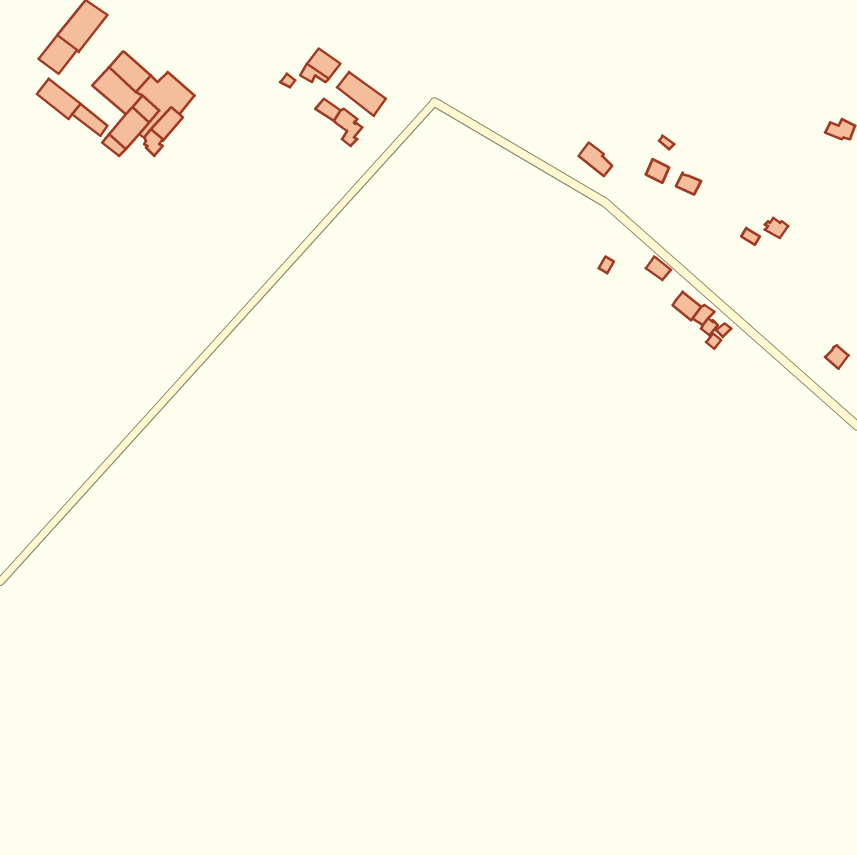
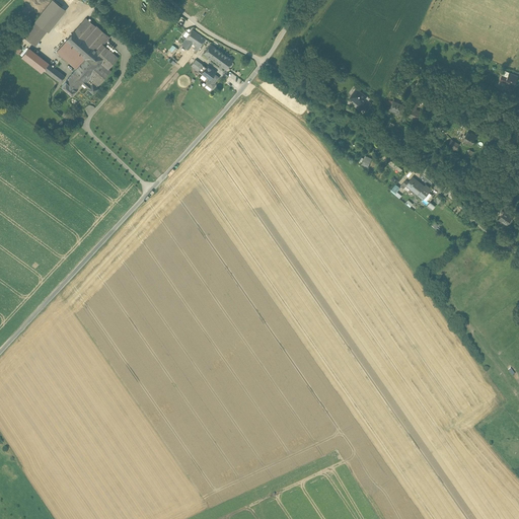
building: none -> [75,19,108,51]

